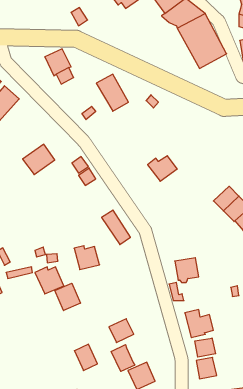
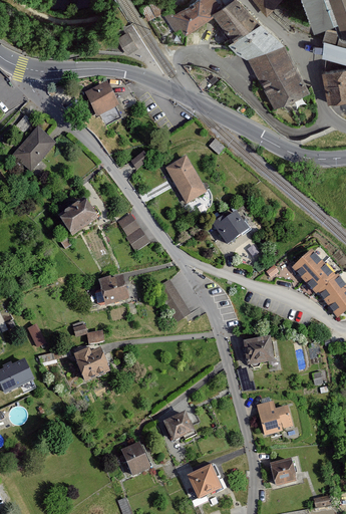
building: [96,74,128,111] -> [165,157,205,202]
building: [74,246,100,270] -> [97,275,128,304]
building: [55,283,80,311] -> none
building: [195,338,216,357] -> none
building: [111,345,135,371] -> none

